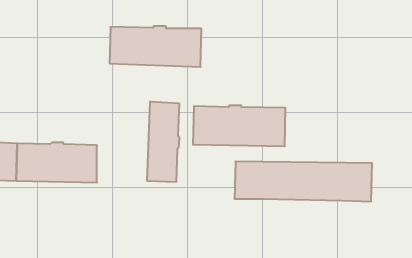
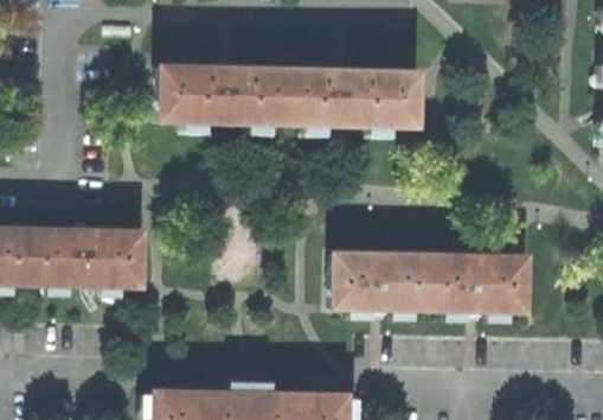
building: [147,101,179,182] -> none
building: [193,105,286,146] -> [287,68,416,125]

